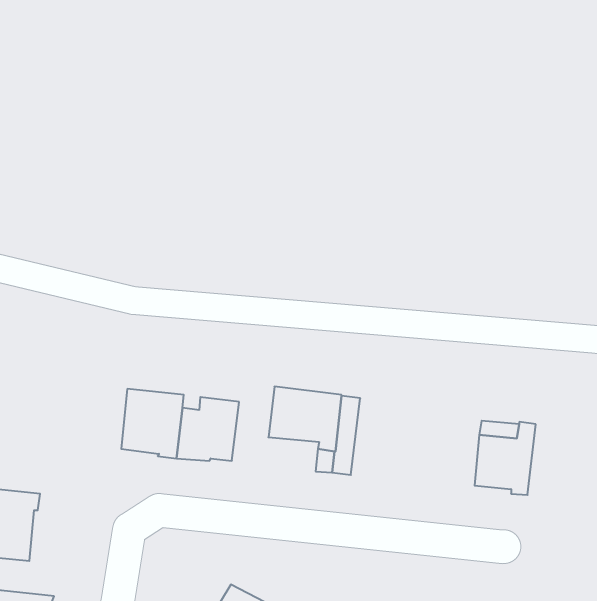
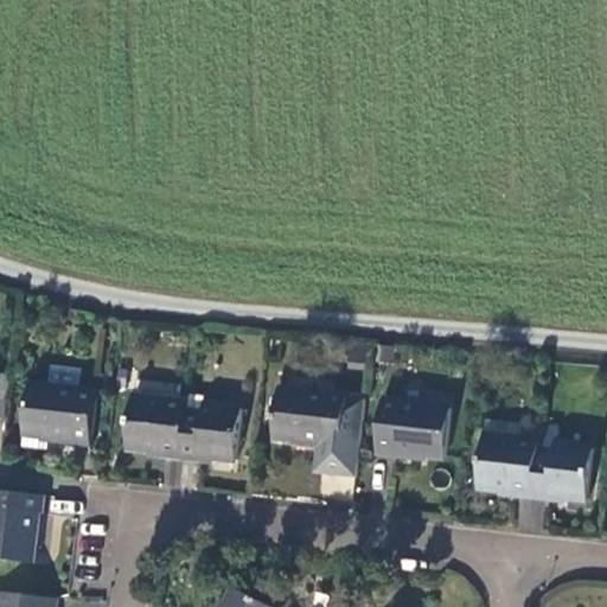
building: none -> [19,368,95,451]
building: none -> [375,402,449,458]
building: none -> [531,428,593,501]

